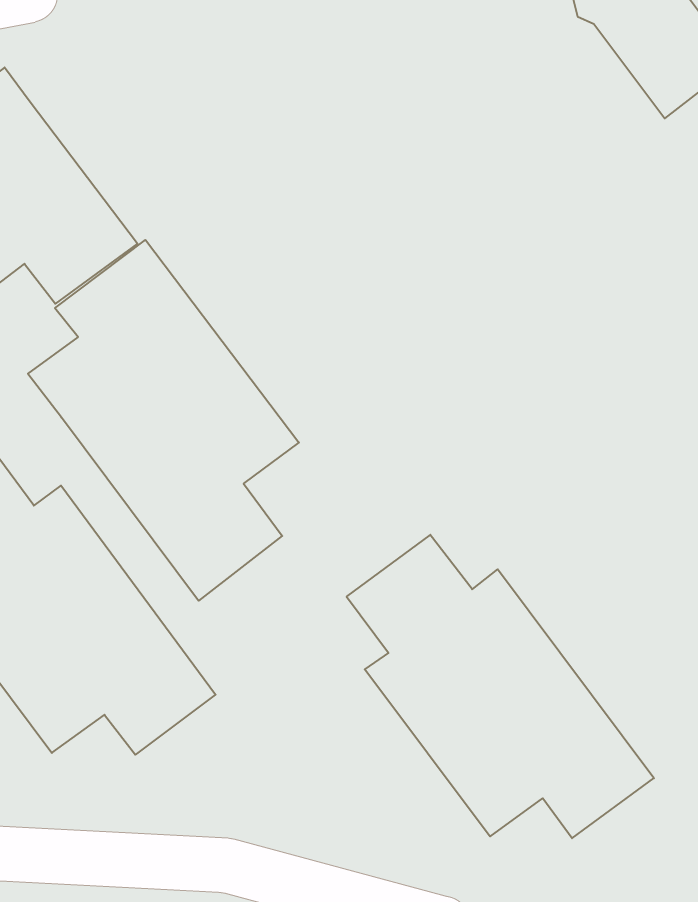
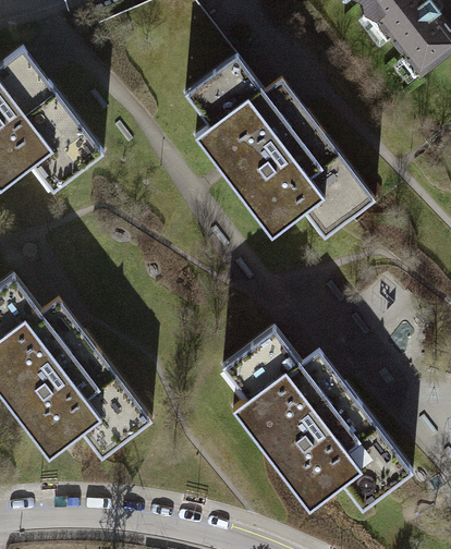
building: none -> [186,54,370,237]
building: [28,240,299,601] -> none

